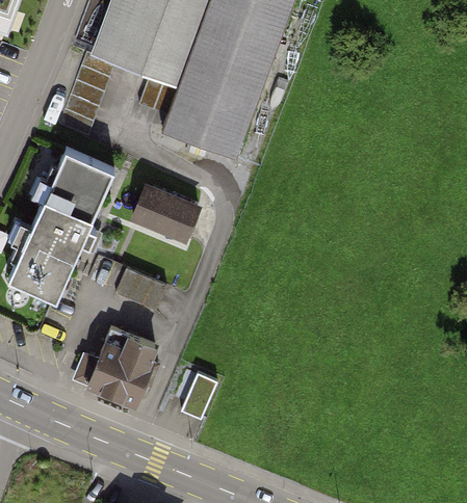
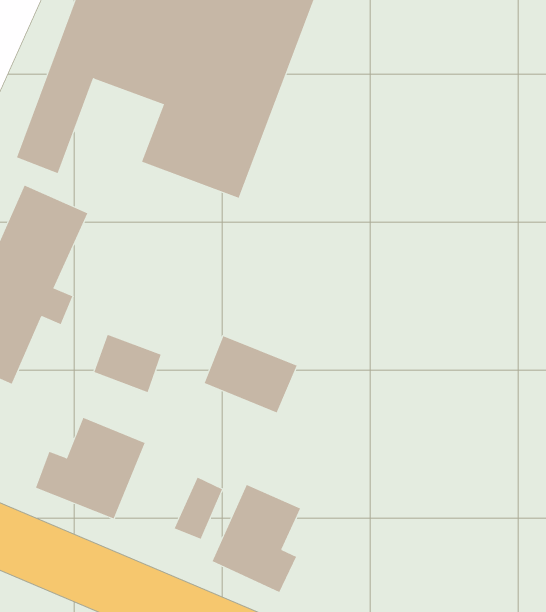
building: [131,182,203,241] -> [204,336,298,413]
building: none -> [212,484,301,593]

